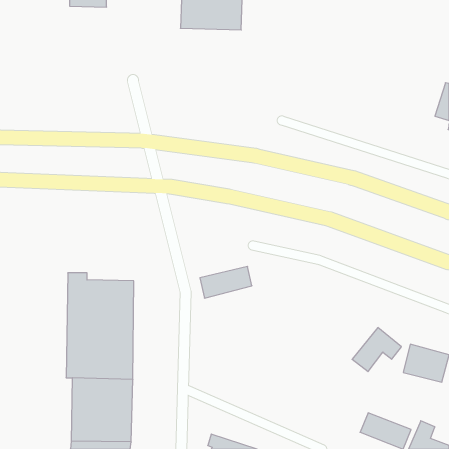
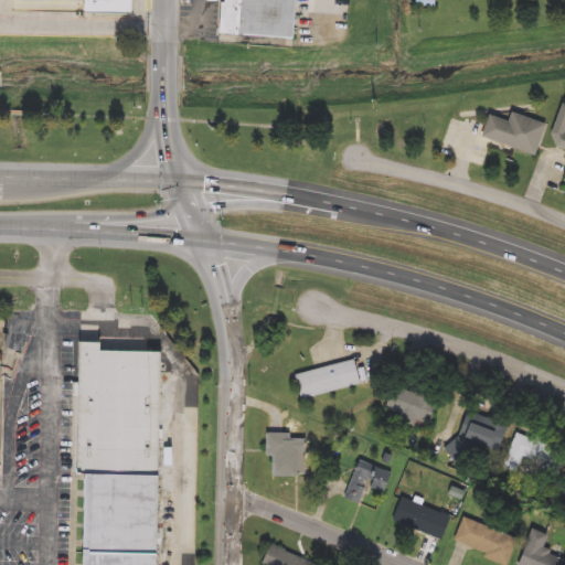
building: none -> [478,111,544,157]
building: [200,266,252,298] -> [294,359,359,398]
building: none -> [381,381,436,428]
building: none -> [264,431,305,476]
building: none -> [341,459,390,505]
building: none -> [390,497,449,540]

